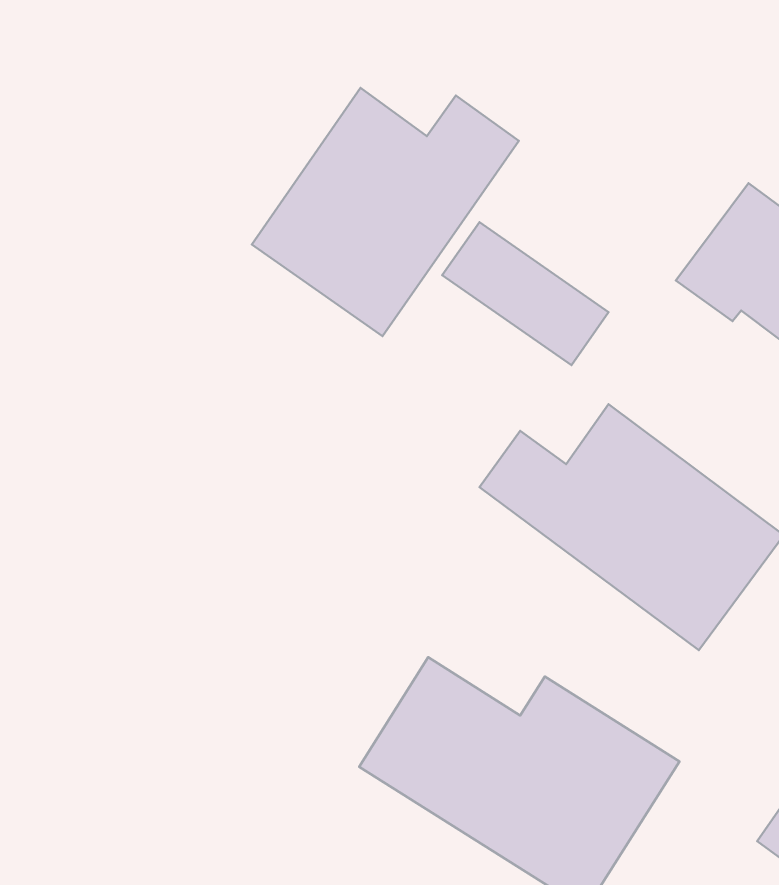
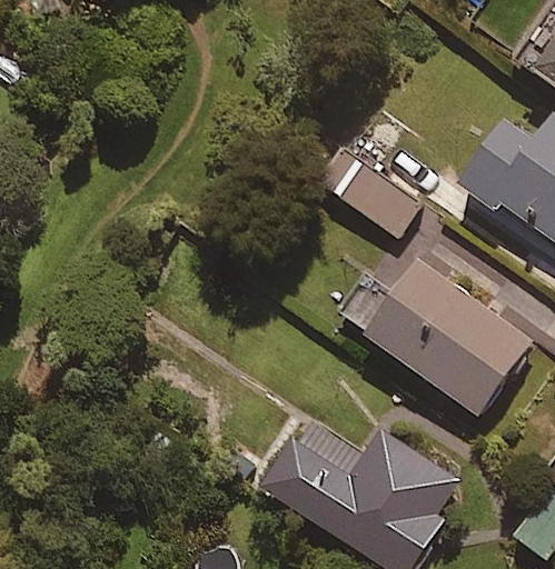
building: [252,88,519,336] -> none

